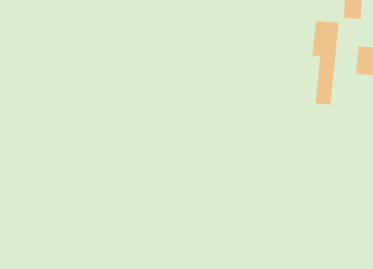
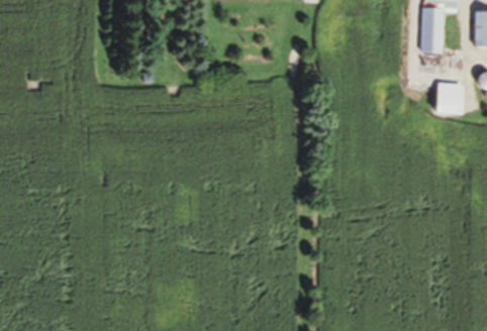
building: [312,20,339,105] -> none

